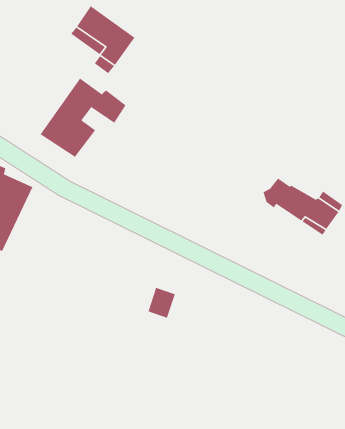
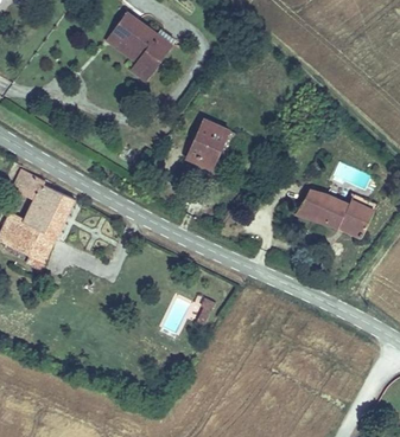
building: [39,77,127,158] -> none
building: none -> [189,123,229,172]

